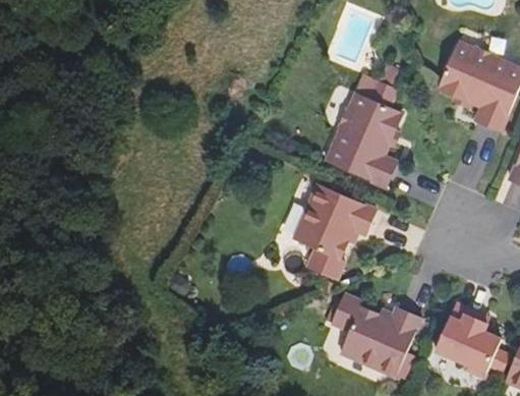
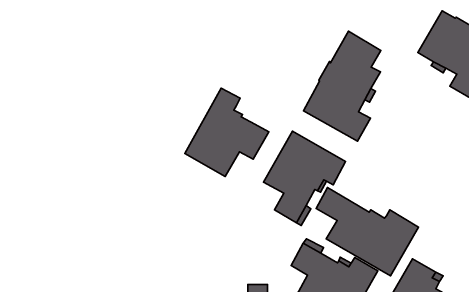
building: none -> [185,88,269,177]
building: none -> [316,188,418,276]

